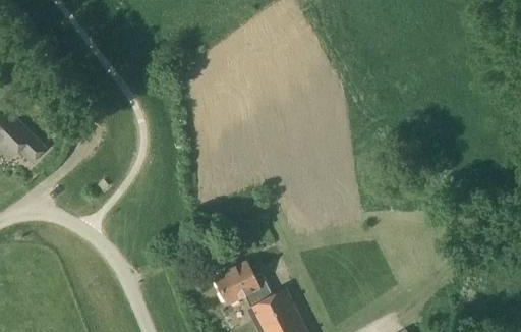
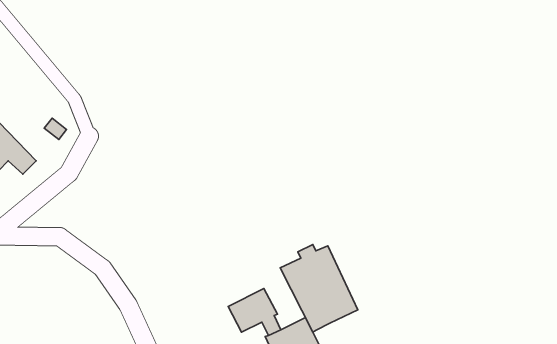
building: none -> [280,245,358,332]

